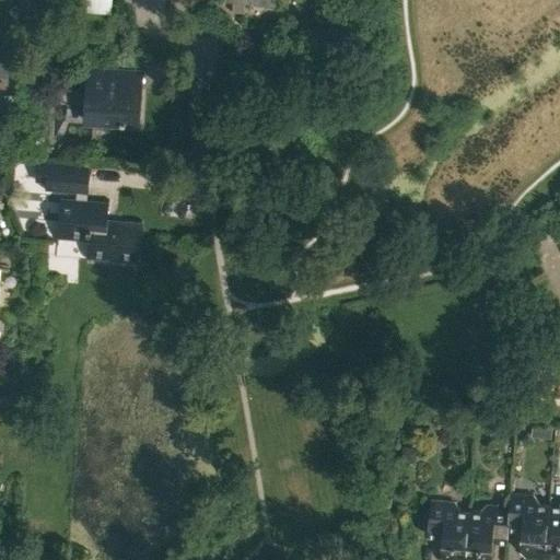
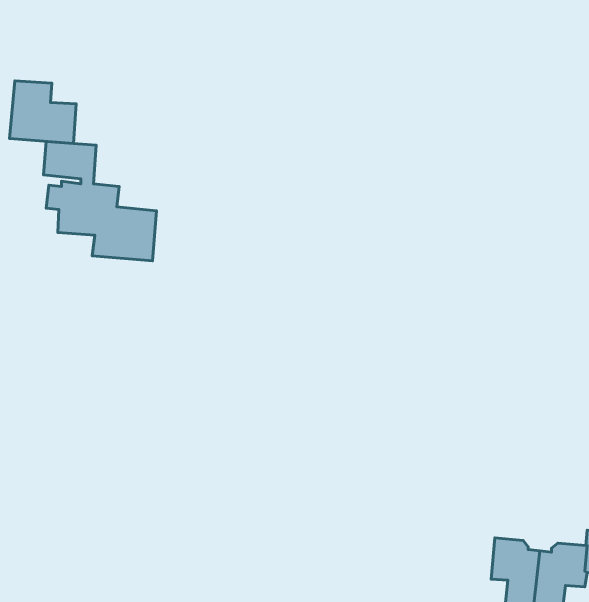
building: [84,72,141,126] -> [10,81,76,144]

